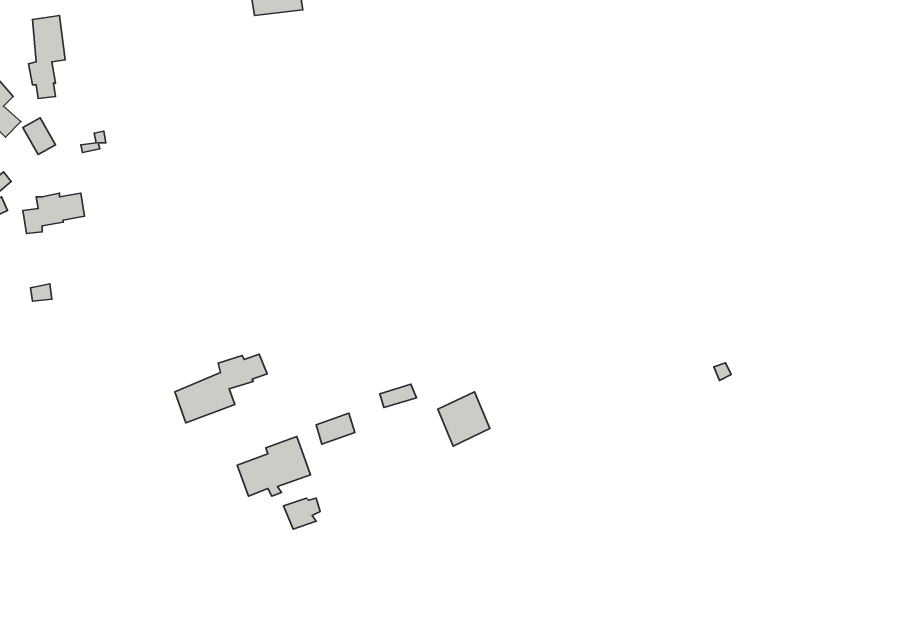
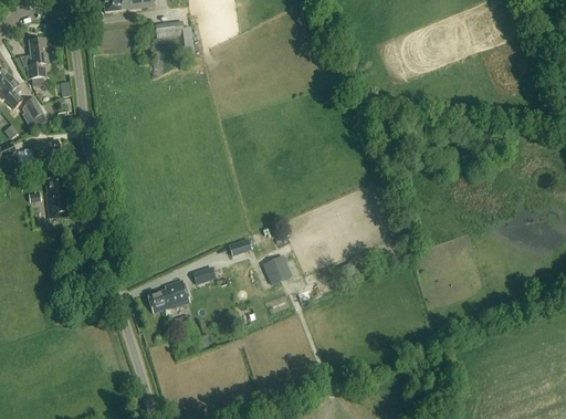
building: none -> [44,178,72,219]
building: [175,354,267,423] -> none

